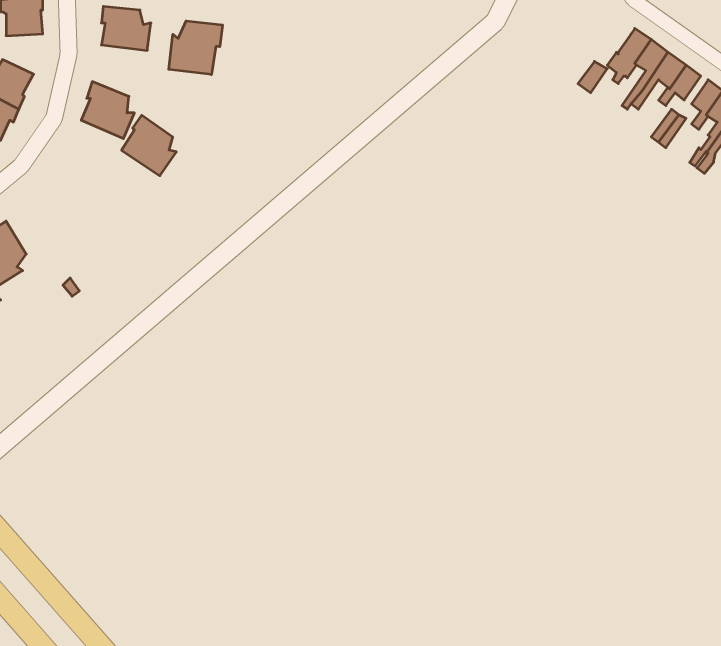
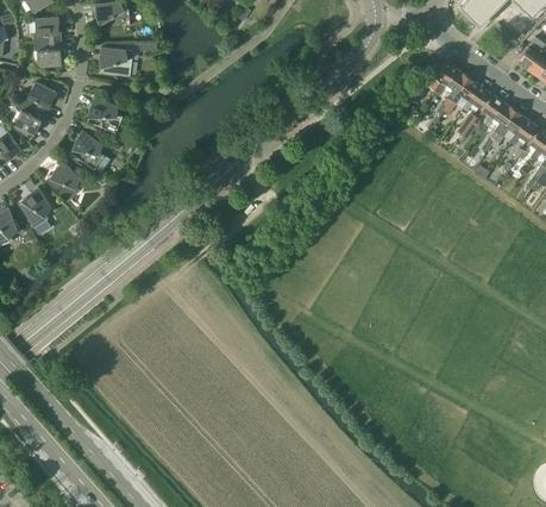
building: [169,21,222,75] -> none
building: [122,115,176,176] -> [69,131,105,170]
building: none -> [46,161,80,202]

